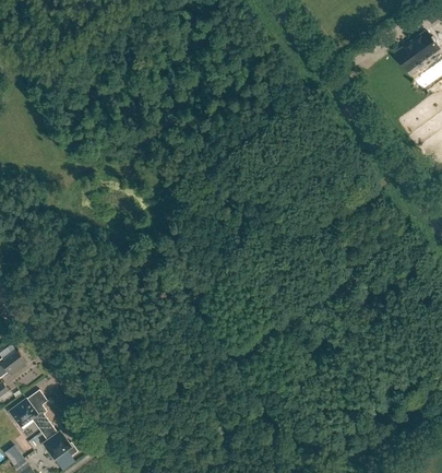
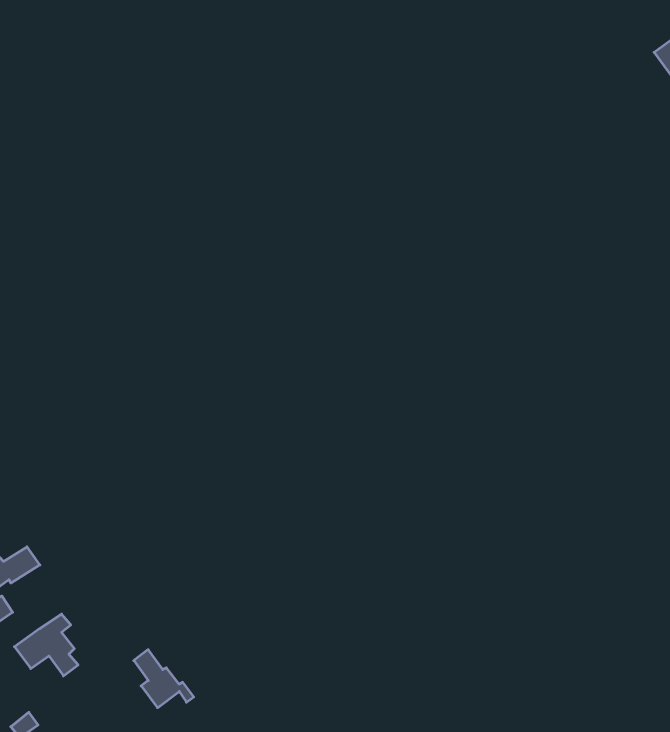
building: [41,423,77,458] -> [134,650,194,708]

